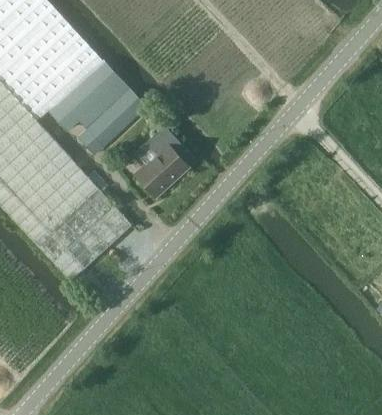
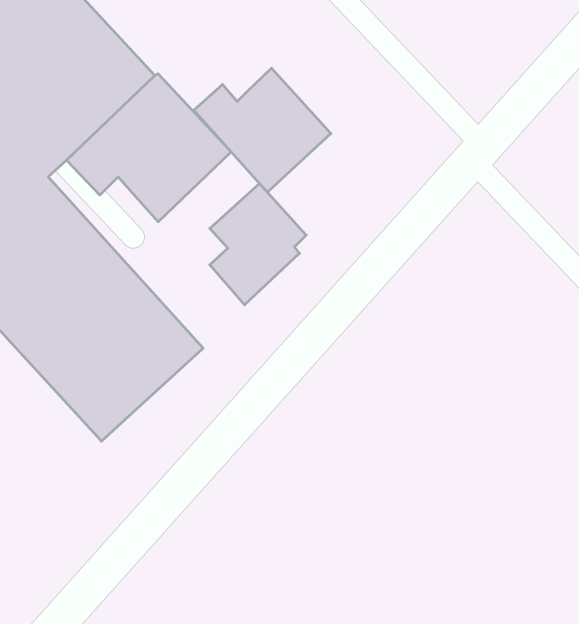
building: none -> [194,68,331,192]

